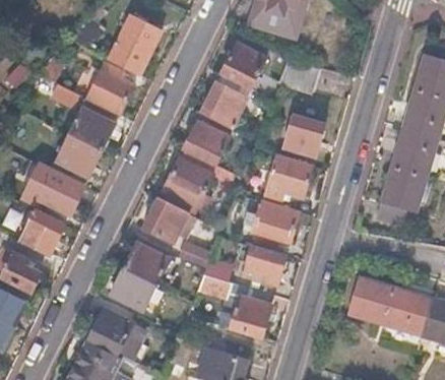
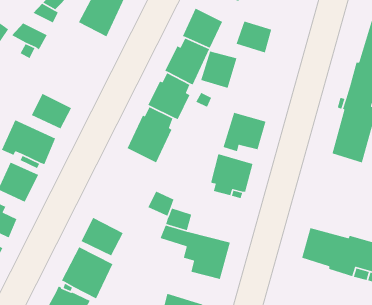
building: [84,62,133,114] -> none
building: [69,108,114,150] -> none
building: [283,114,324,155] -> [200,50,238,89]
building: [143,197,196,242] -> none
building: [124,242,179,286] -> none
building: [242,245,285,287] -> none

